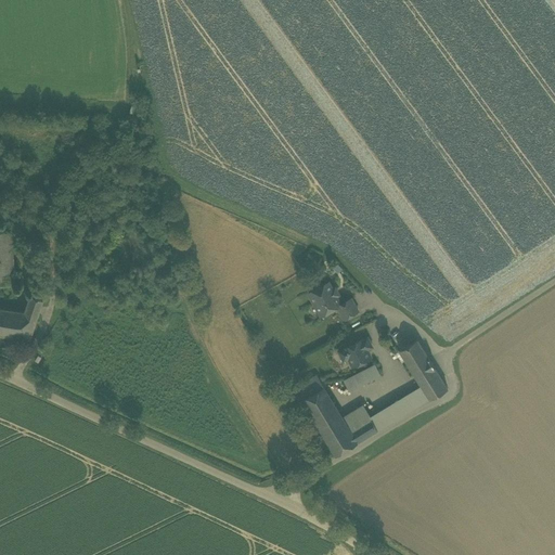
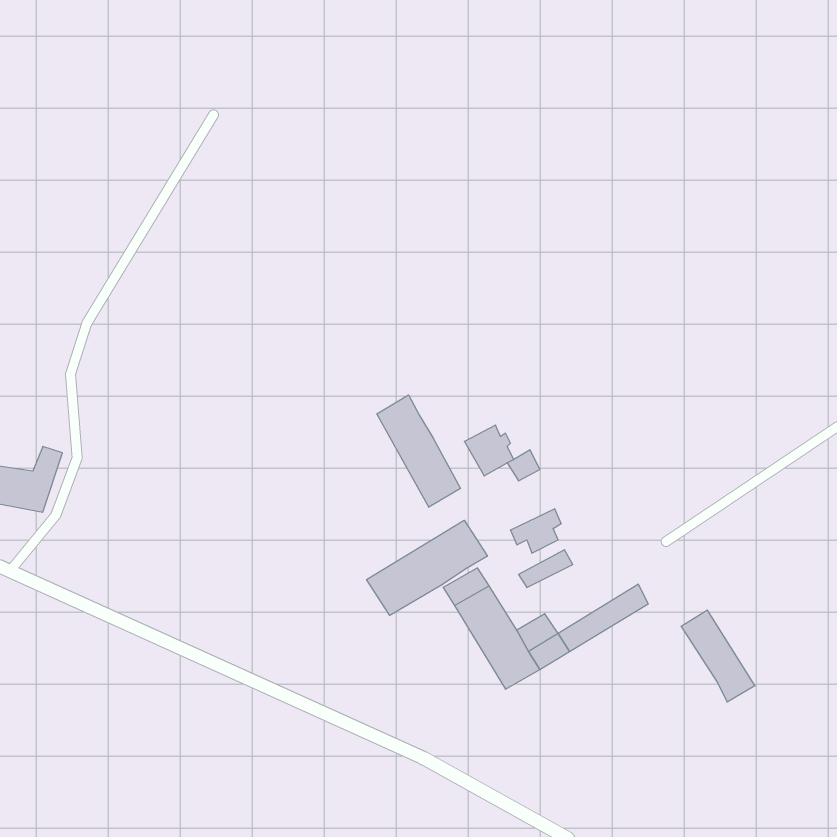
building: none -> [377,395,460,507]
building: [398,339,447,400] -> [681,610,755,702]
building: none -> [367,520,487,615]

